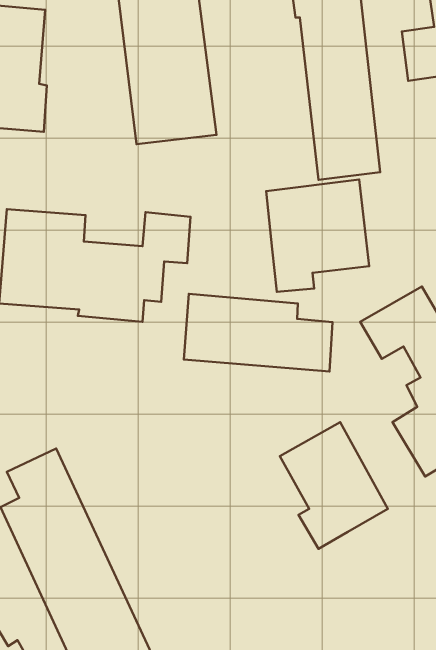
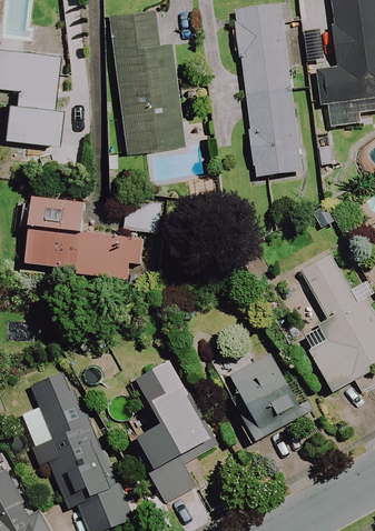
building: [266,180,369,292] -> none
building: [184,294,333,372] -> none
building: none -> [128,354,229,495]

